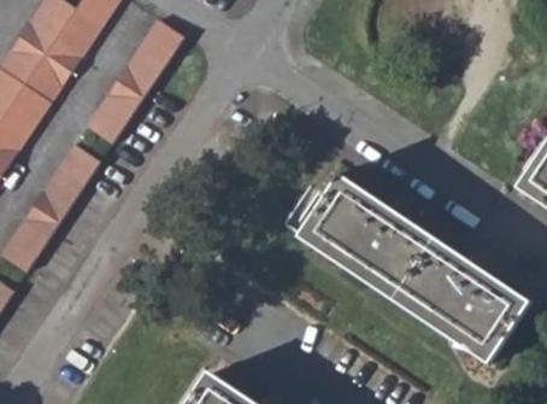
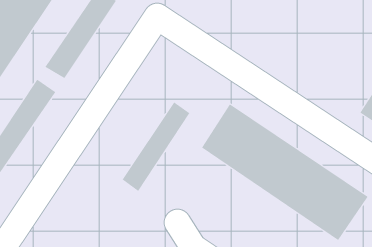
building: none -> [122,102,190,192]

